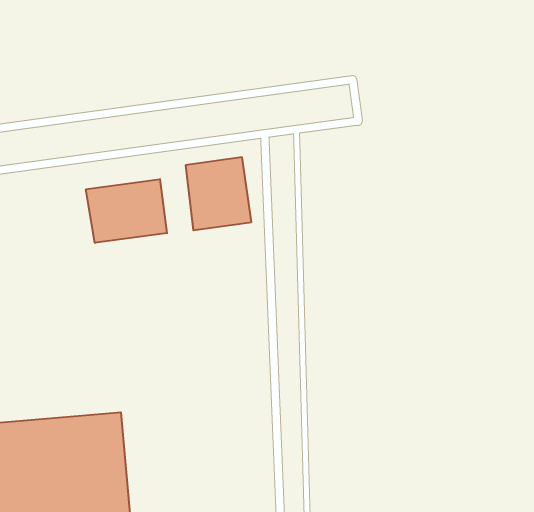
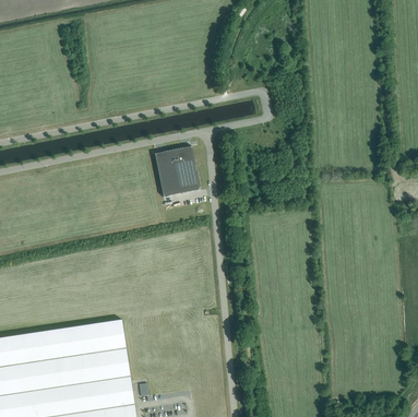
building: [86,179,167,243] -> none

